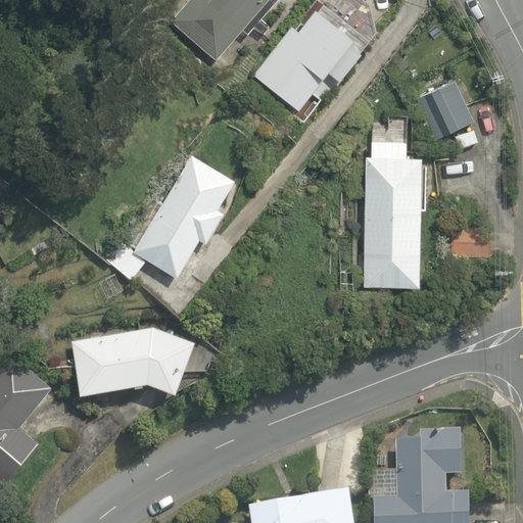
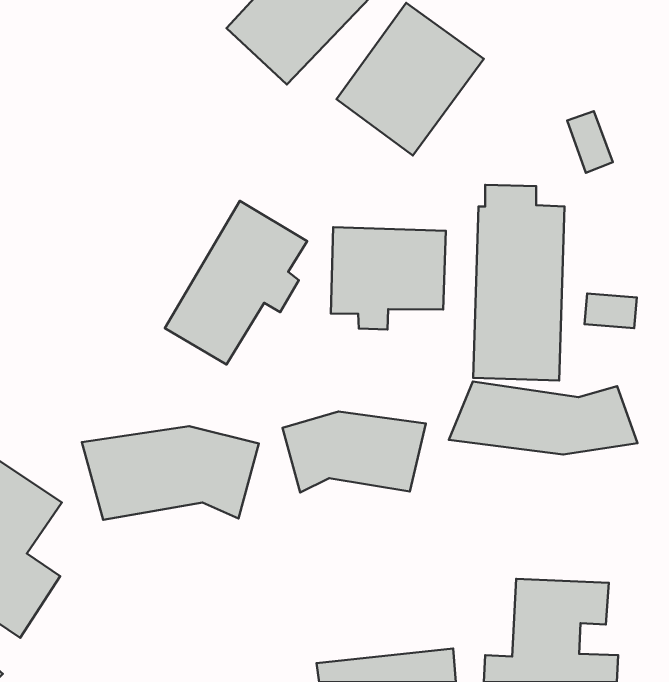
building: none -> [331,227,446,330]
building: none -> [449,382,638,455]
building: none -> [282,411,426,493]

